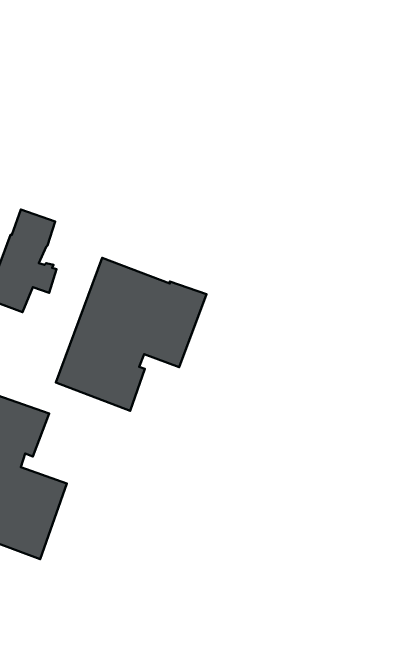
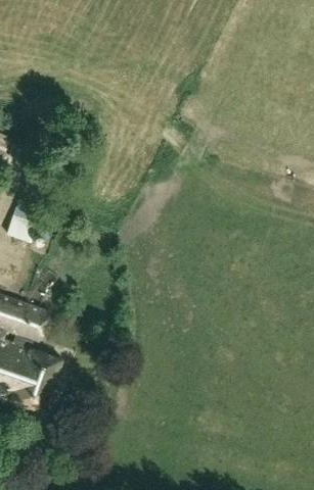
building: [56,258,206,411] -> none

